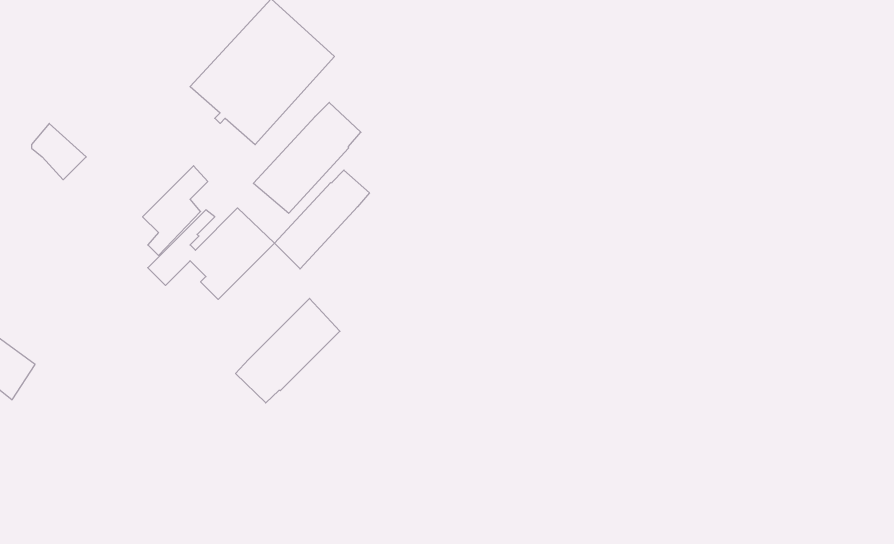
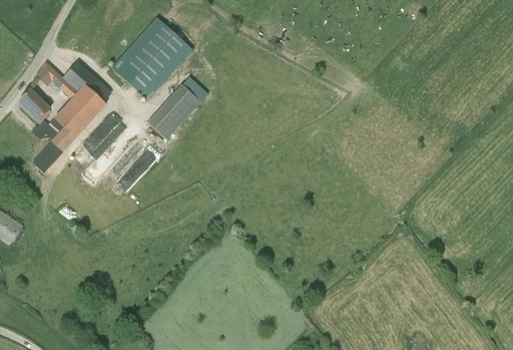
building: none -> [31,61,110,172]
building: [275,170,369,269] -> none
building: [236,298,340,403] -> none

